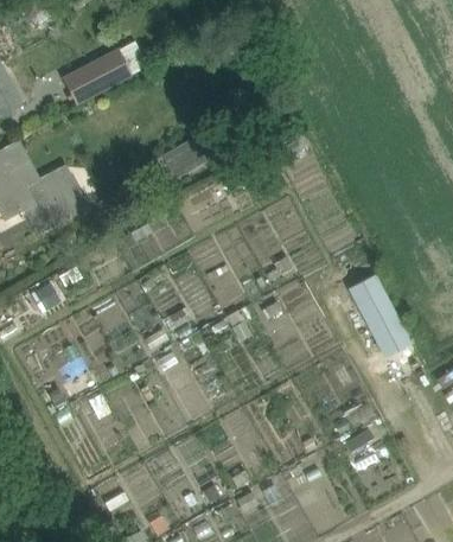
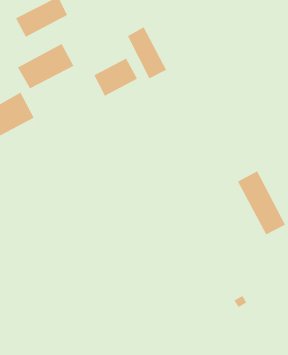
building: none -> [127,27,167,79]
building: none -> [17,43,74,89]

